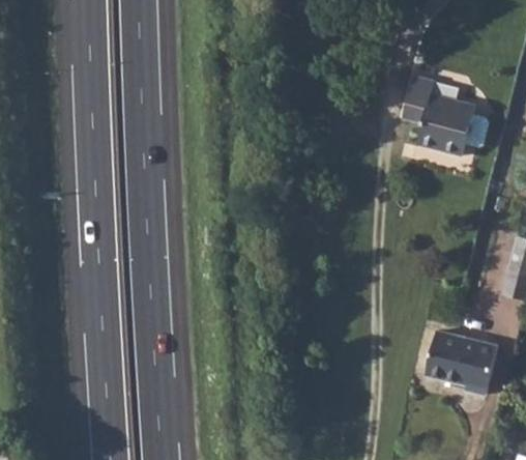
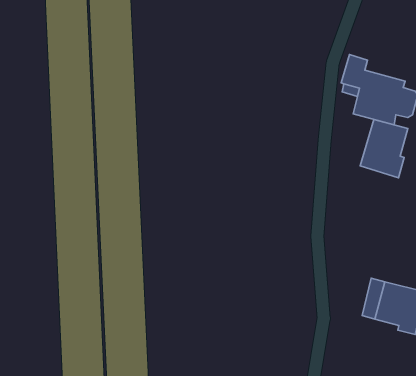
building: none -> [360,119,408,178]

